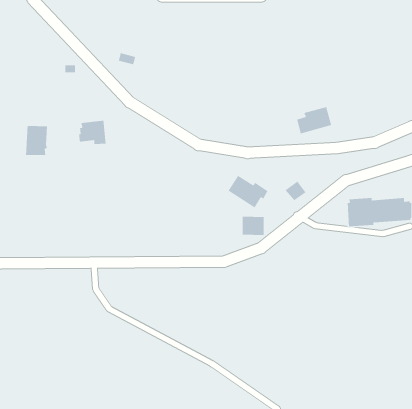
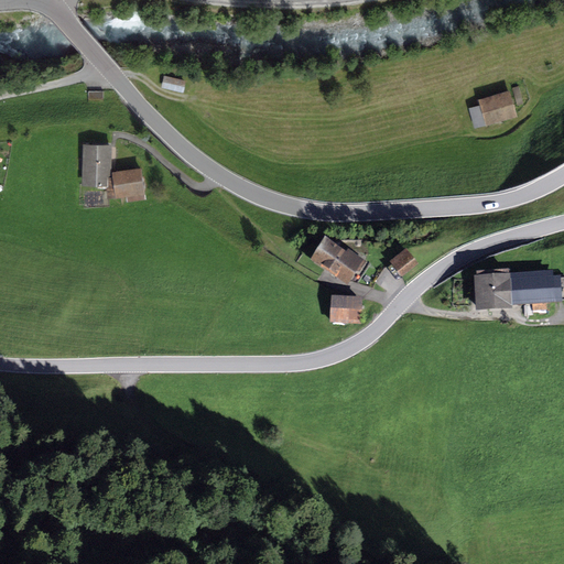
building: [296,106,332,134] -> [468,87,518,126]
building: [25,125,48,156] -> [80,141,111,183]

